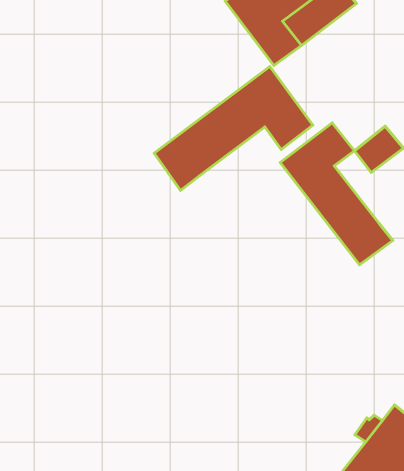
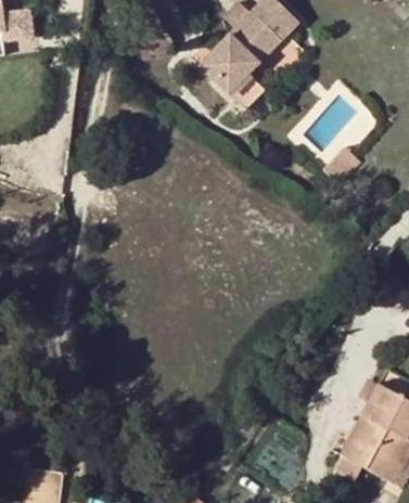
building: [154,67,313,190] -> none
building: [280,123,393,265] -> none

